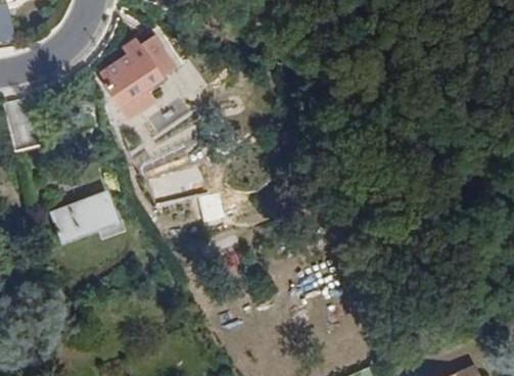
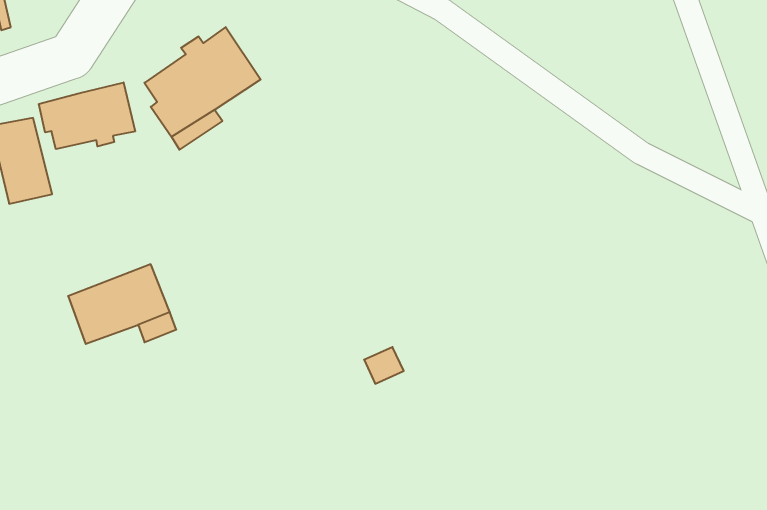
building: none -> [39,82,135,149]

